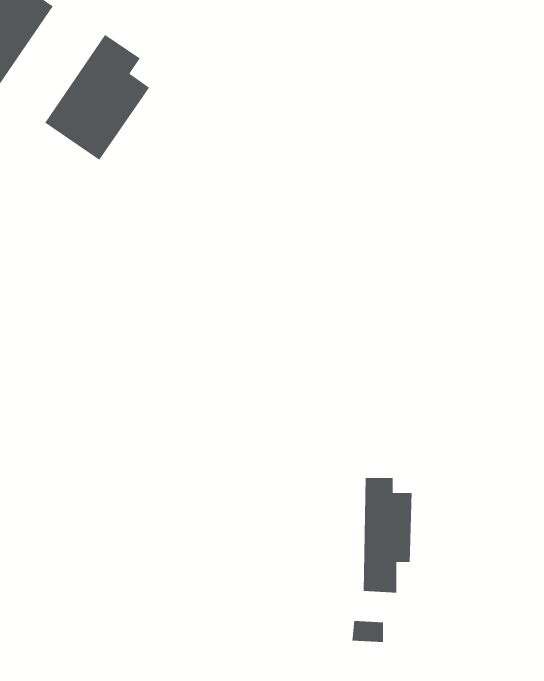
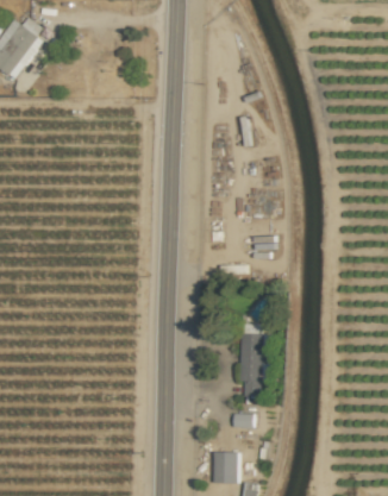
building: [44,34,150,161] -> none

